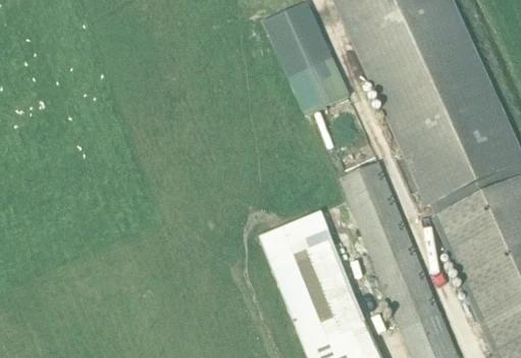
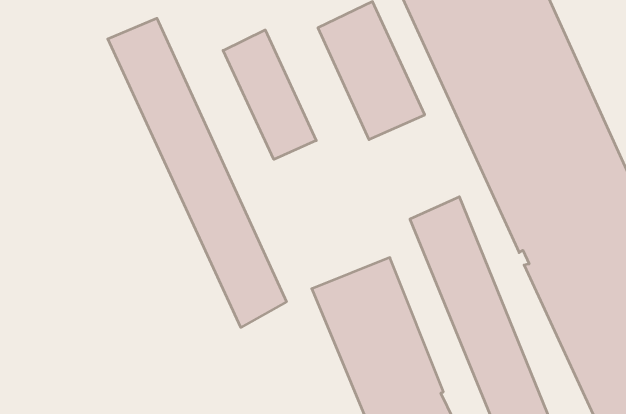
building: none -> [108,18,286,327]
building: none -> [223,30,316,159]

